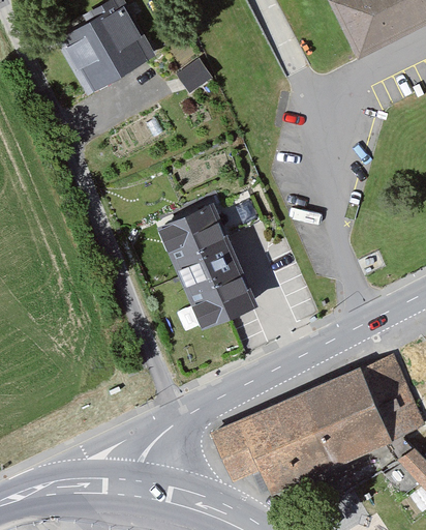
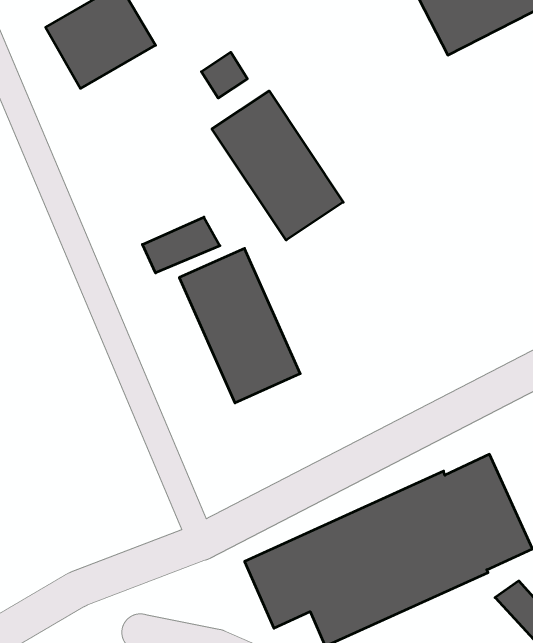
building: none -> [212,91,343,240]
building: none -> [142,217,220,273]

